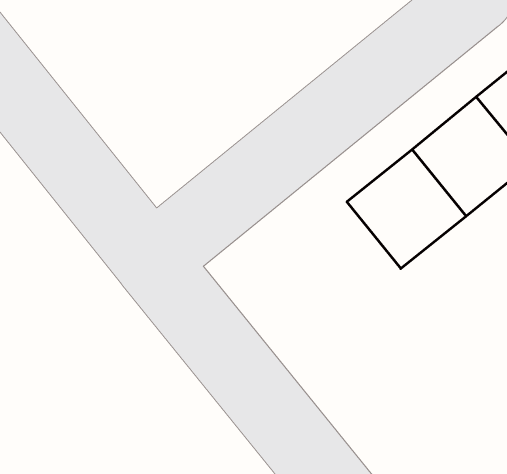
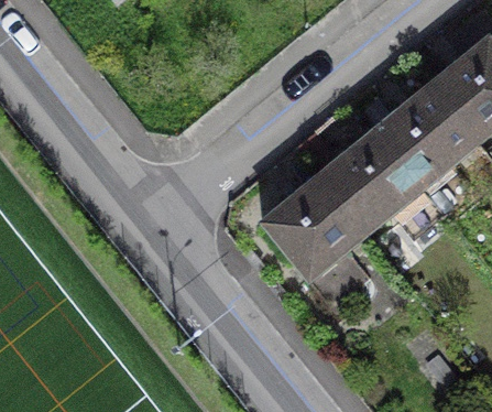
building: none -> [262,175,365,280]

